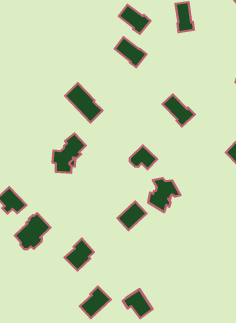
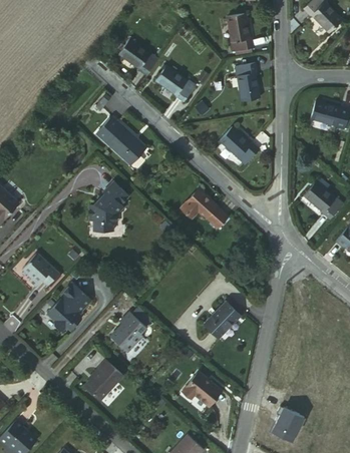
building: [119,5,150,34] -> [119,34,159,69]
building: none -> [236,60,262,97]
building: [148,178,180,212] -> none
building: [117,202,147,230] -> [203,302,239,338]
building: [80,287,111,318] -> [87,363,125,403]

